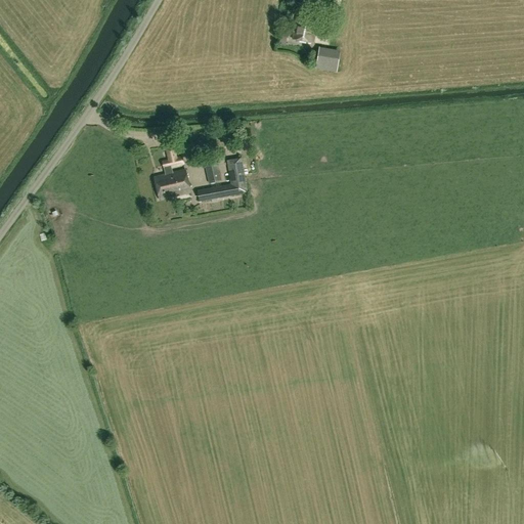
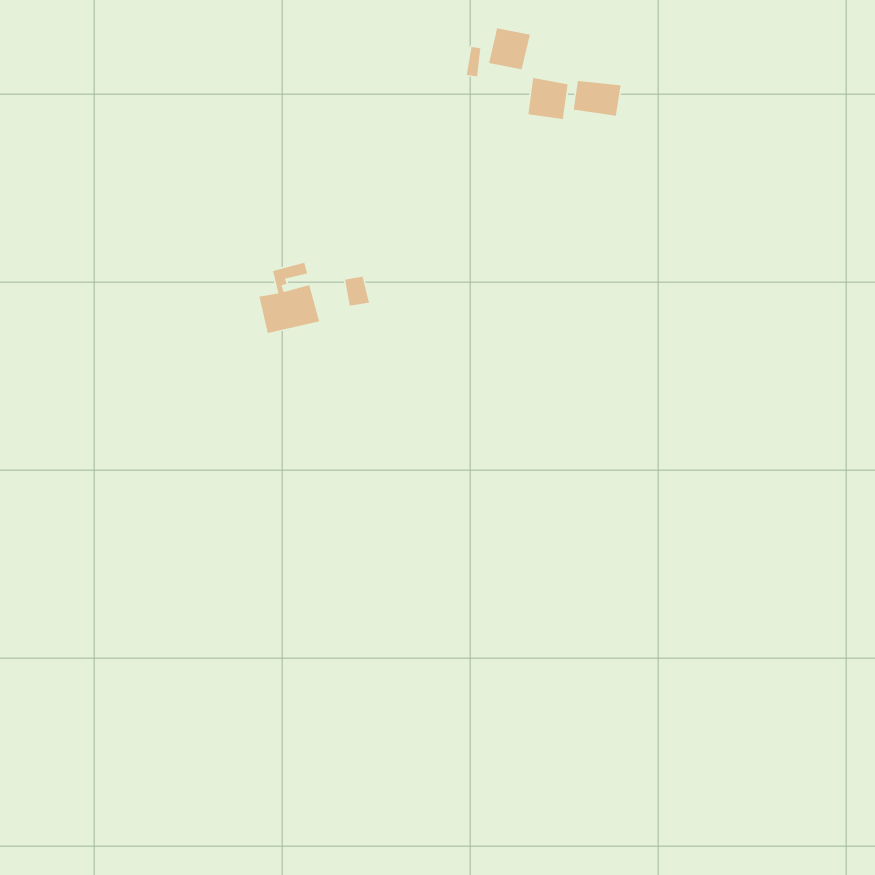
building: none -> [573,80,621,117]
building: [196,158,247,202] -> none

